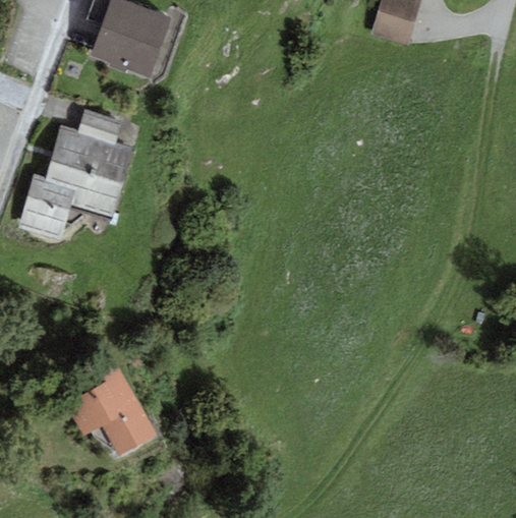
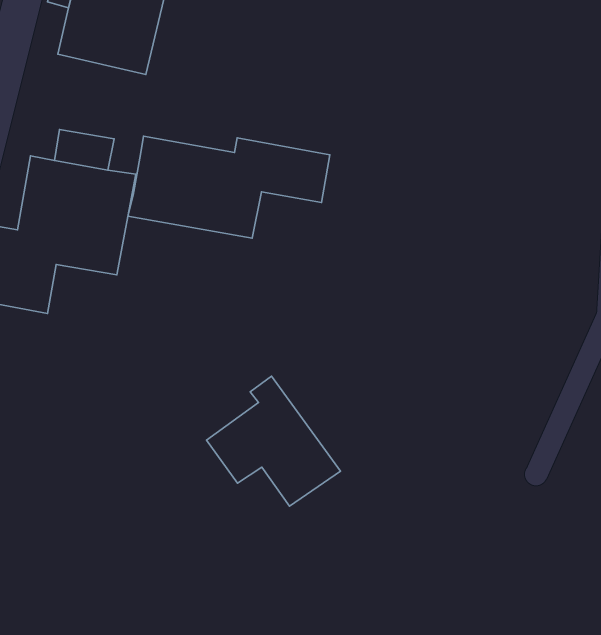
building: none -> [128,136,330,238]
building: [66,363,158,456] -> [206,376,340,506]

